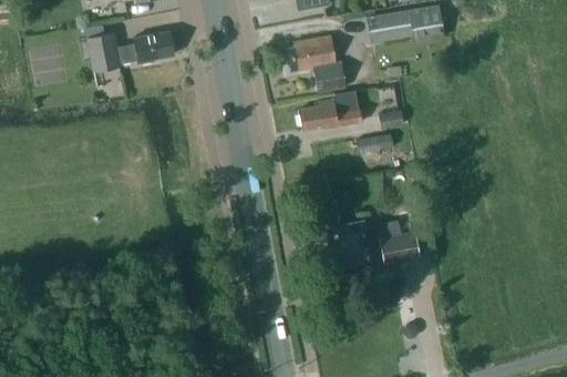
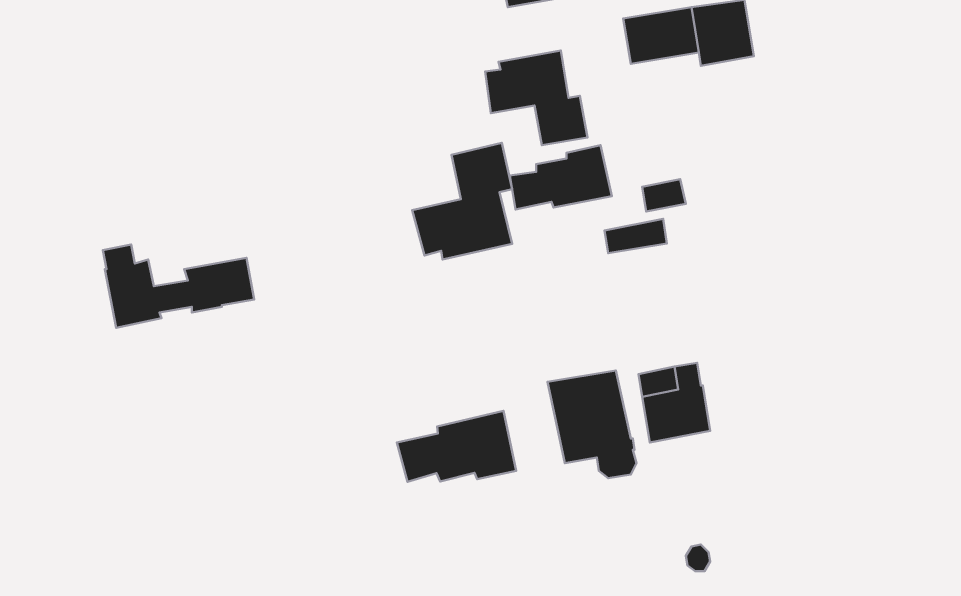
building: [85,24,174,73] -> [103,244,254,328]
building: none -> [412,143,512,259]
building: none -> [397,411,516,482]

